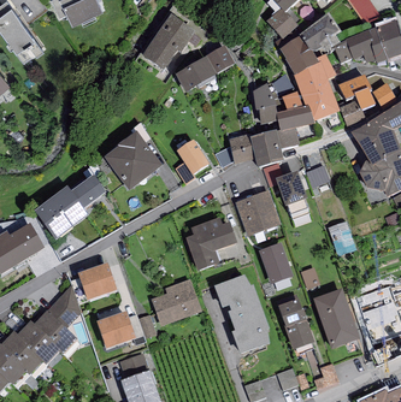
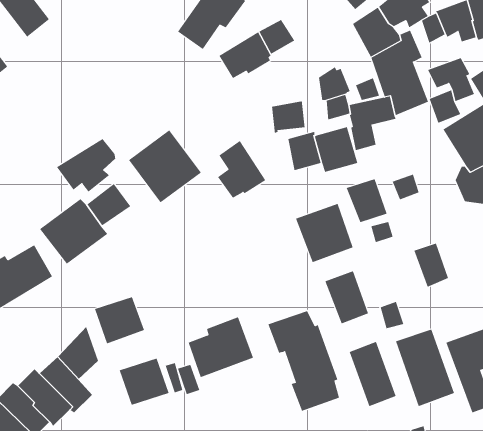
building: none -> [271,100,305,134]
building: none -> [56,138,116,192]
building: [185,217,237,270] -> none

